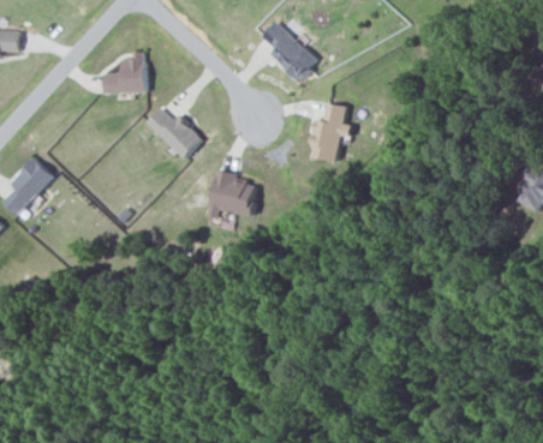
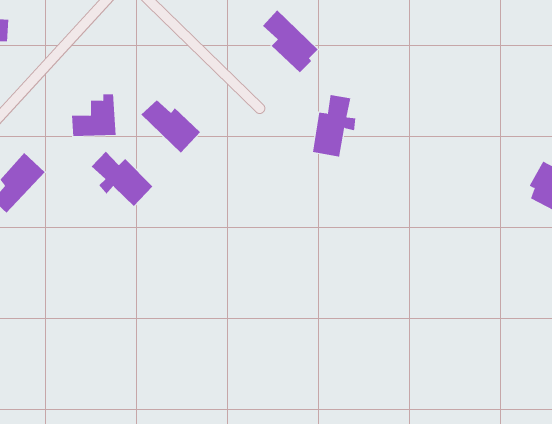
building: [103,52,147,92] -> [71,94,116,137]
building: none -> [91,151,153,207]
building: [209,169,257,218] -> none

